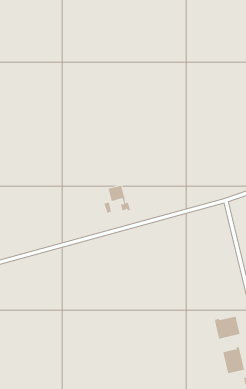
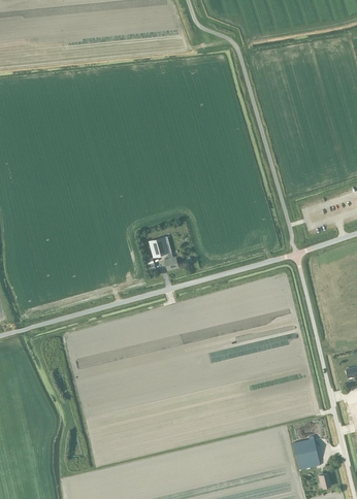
building: [215,316,240,339] -> none

